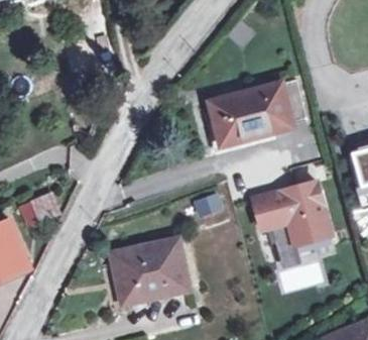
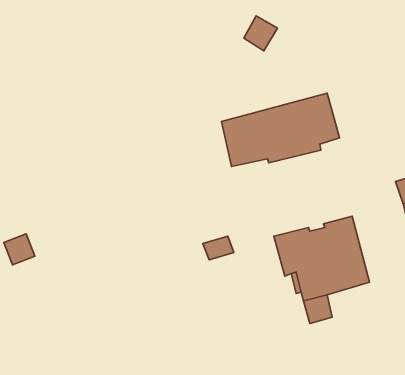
building: [110,240,189,299] -> none

